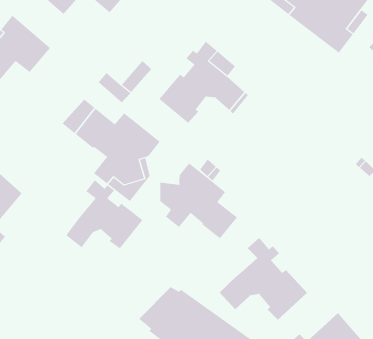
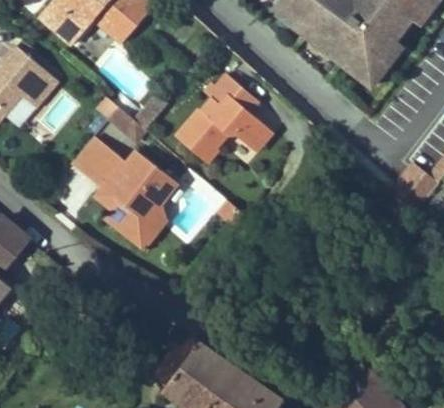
building: [160,162,238,239] -> none
building: [66,180,143,249] -> none
building: [219,237,308,320] -> none

